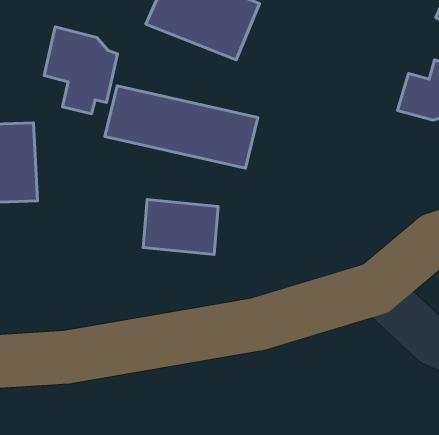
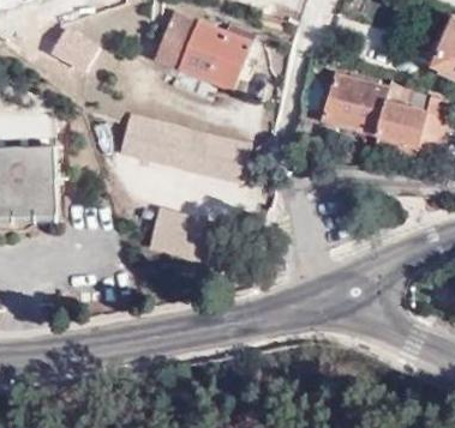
building: [44,27,117,114] -> none
building: none -> [318,73,388,134]

